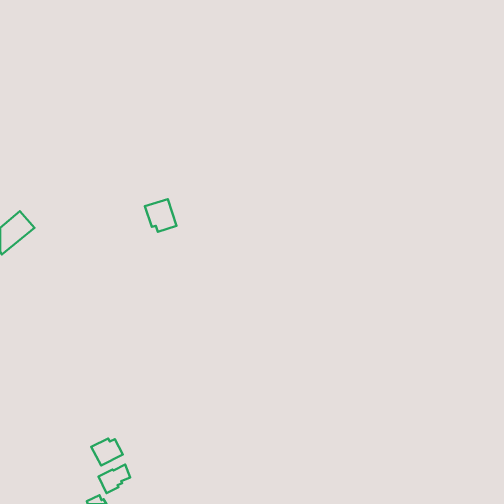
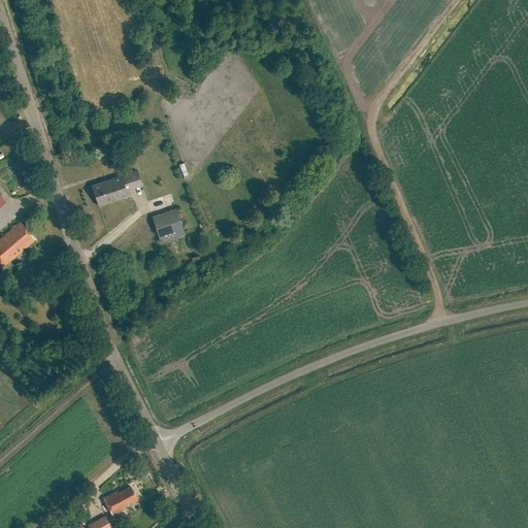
building: none -> [91,170,141,206]
building: [91,438,123,465] -> none

